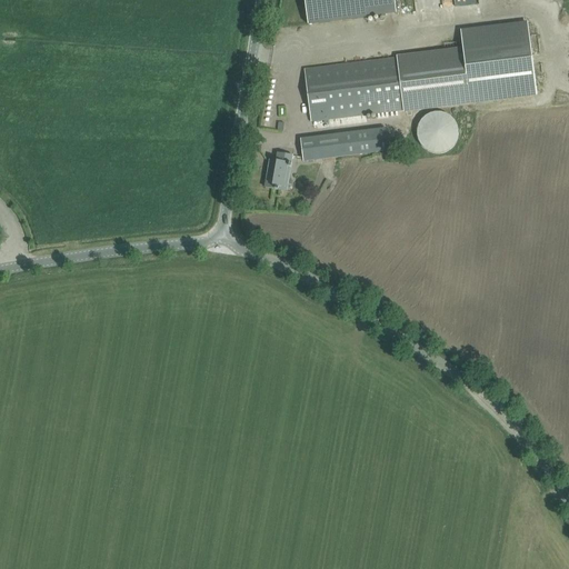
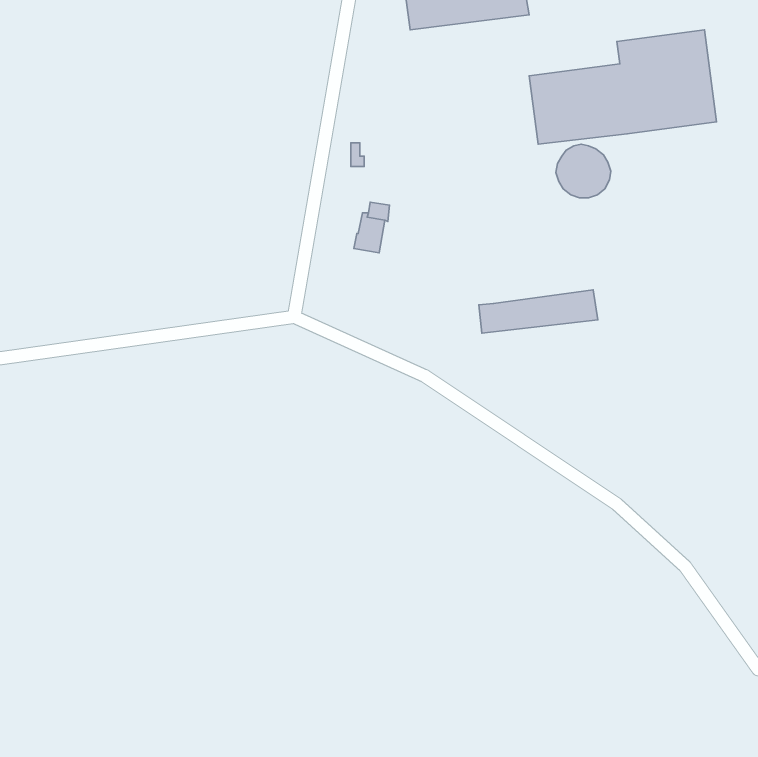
building: [303,57,402,120] -> none
building: [300,127,389,159] -> [479,290,598,333]

